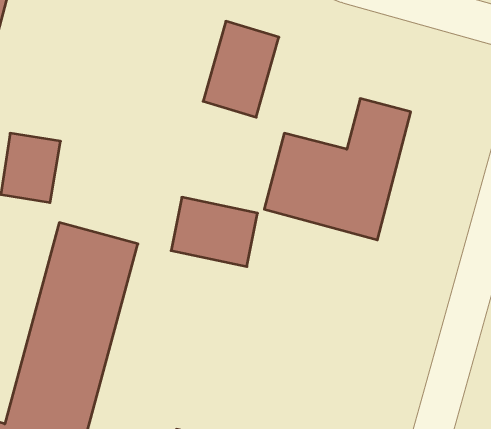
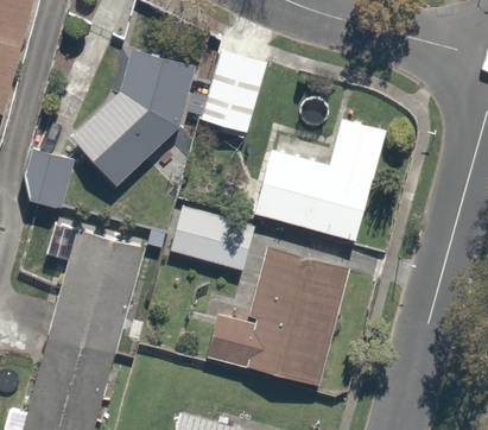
building: none -> [70,46,195,188]
building: none -> [208,249,346,385]

